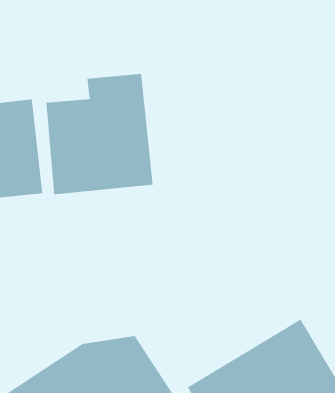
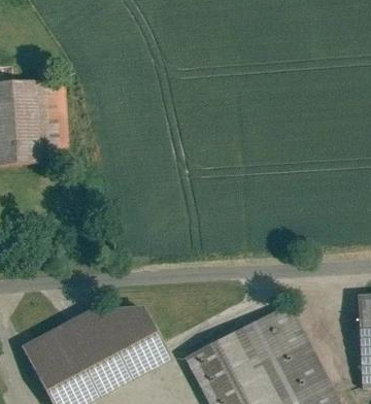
building: [46,73,154,195] -> none

